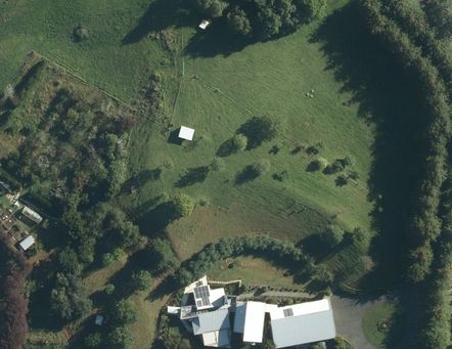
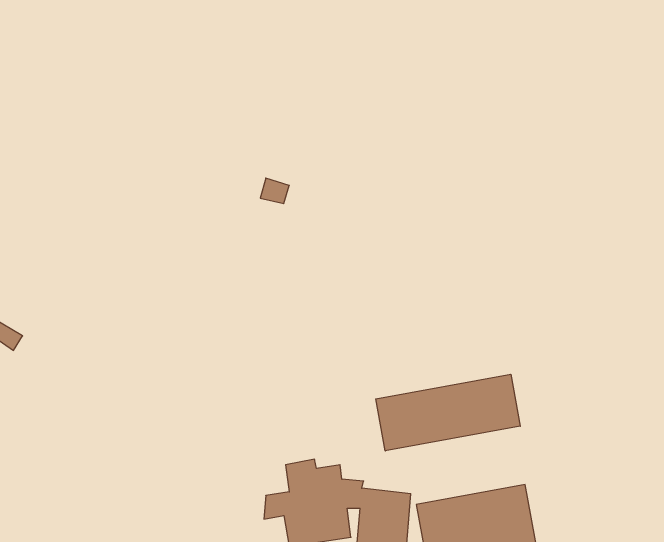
building: none -> [376,374,520,451]

